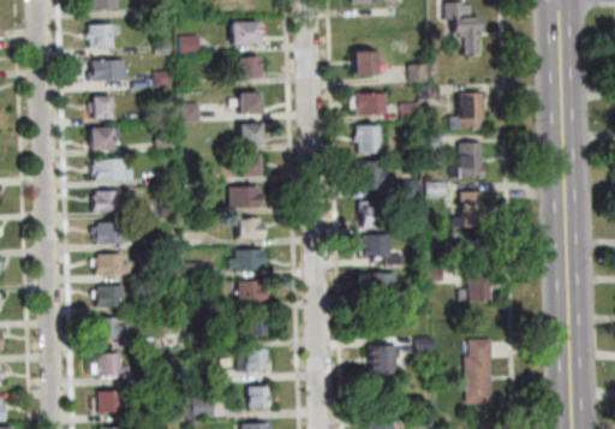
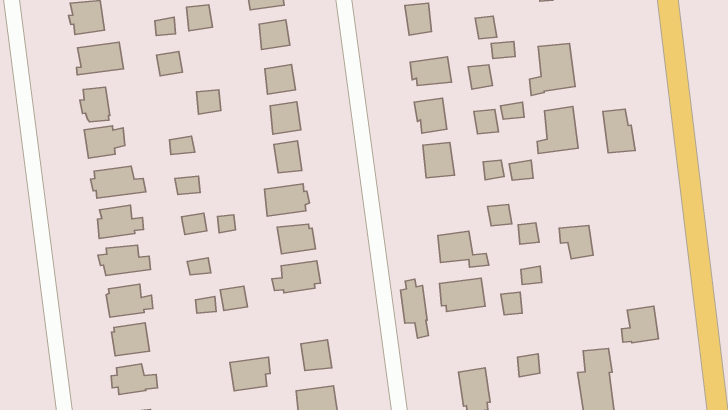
building: [462,195,485,228] -> [603,109,635,153]
building: [360,203,389,228] -> none
building: none -> [401,279,429,338]
building: [460,275,489,303] -> [621,306,658,343]
building: [239,280,270,304] -> [230,357,270,391]

